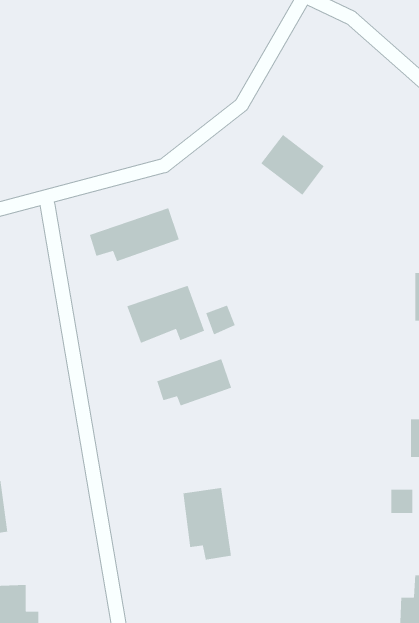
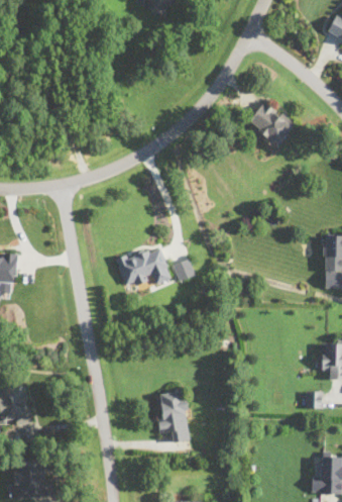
building: [260,134,325,196] -> [247,102,294,146]
building: [89,207,180,262] -> none
building: [156,358,232,407] -> none

